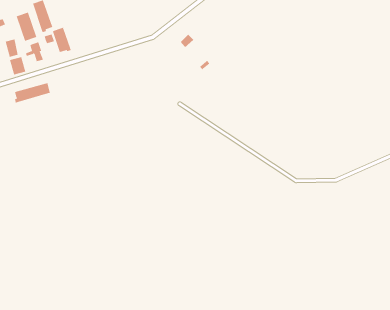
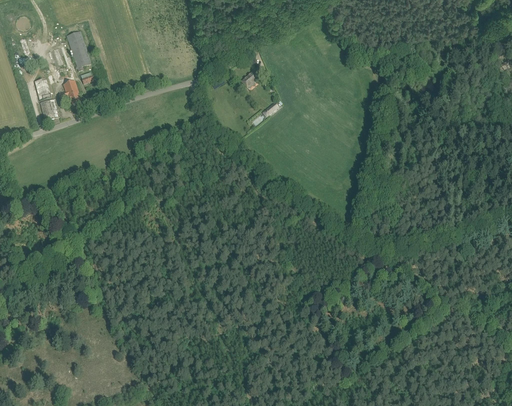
building: [52,27,72,53] -> none
building: [14,82,50,103] -> none

